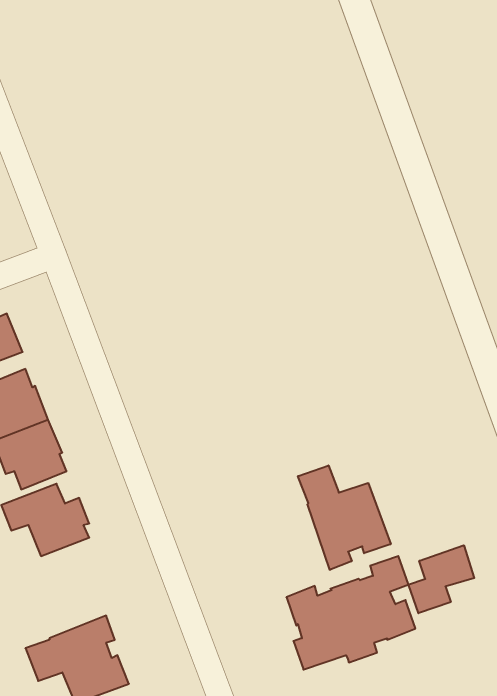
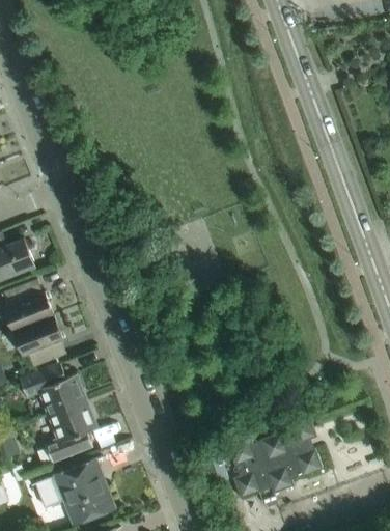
building: [298,465,391,570] -> none
building: none -> [45,402,97,464]
building: [408,545,474,613] -> none

